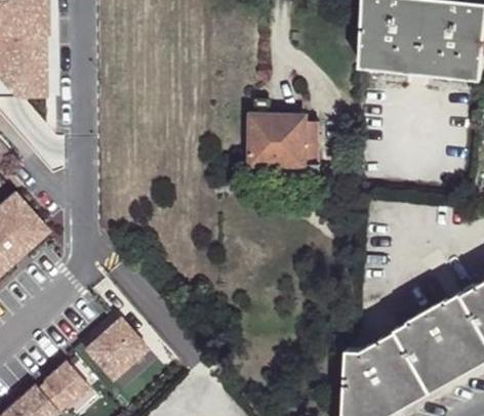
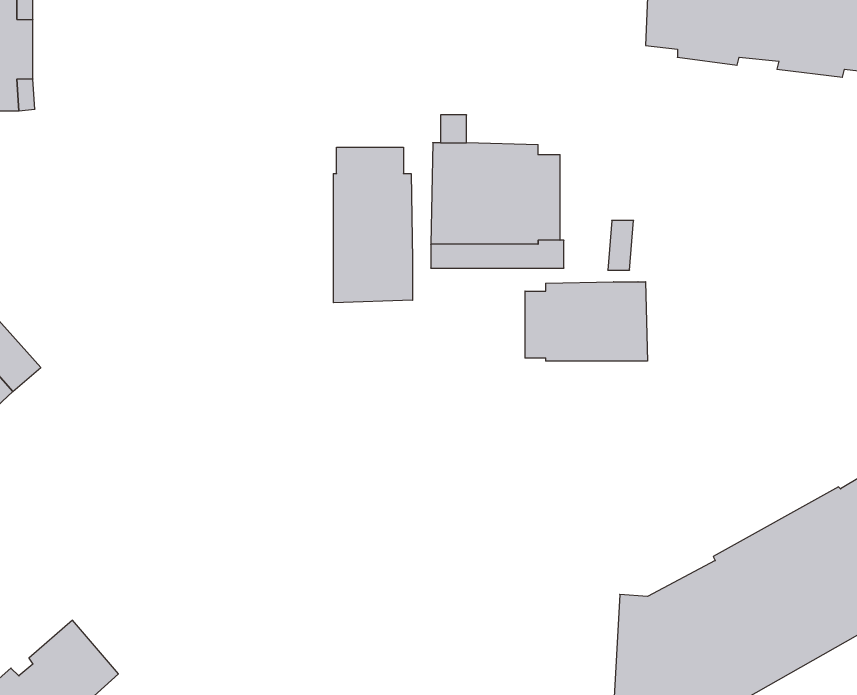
building: none -> [333,147,413,303]
building: none -> [525,282,647,361]
building: [85,318,148,379] -> none

